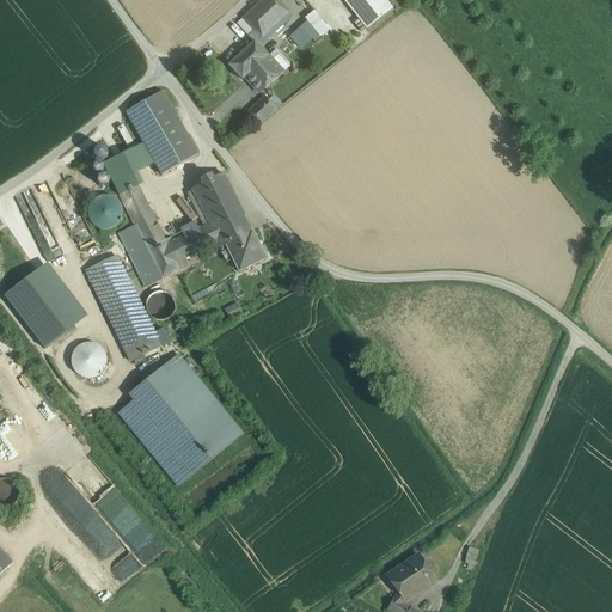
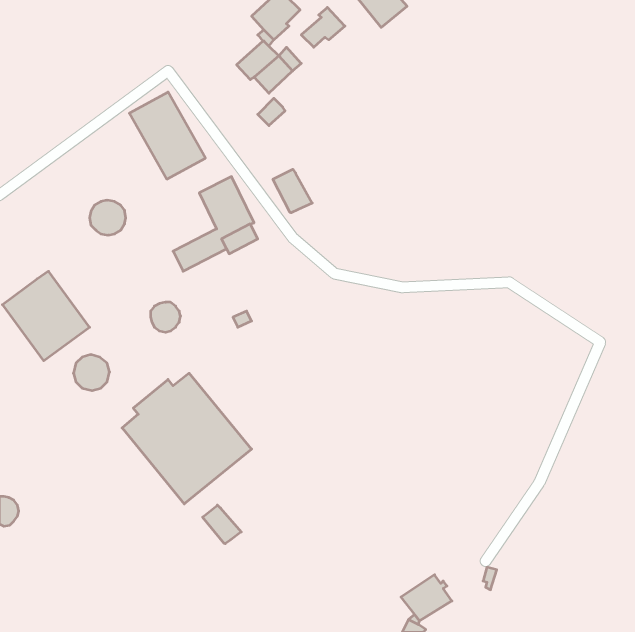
building: [102,142,179,284] -> none
building: none -> [273,169,312,213]
building: [220,228,264,269] -> none
building: [85,253,160,359] -> none
building: none -> [203,505,241,544]

